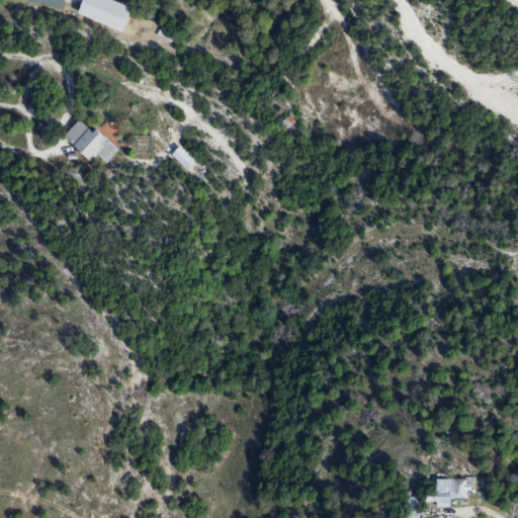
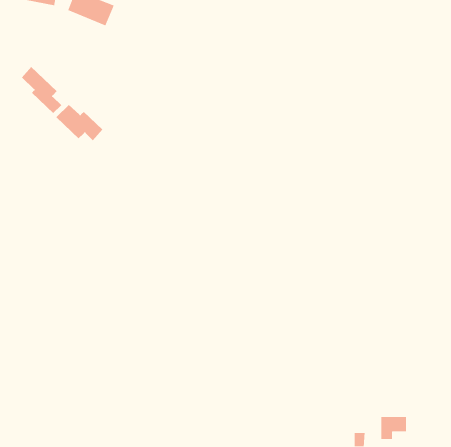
building: none -> [21,66,62,114]

